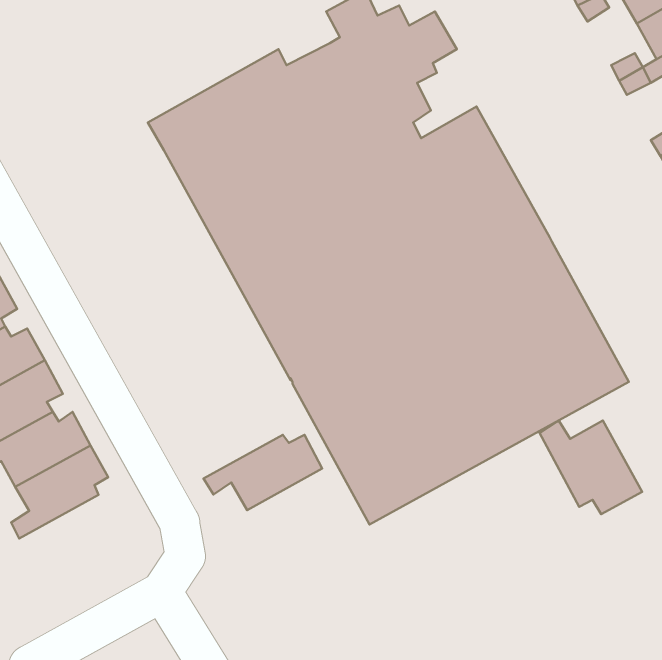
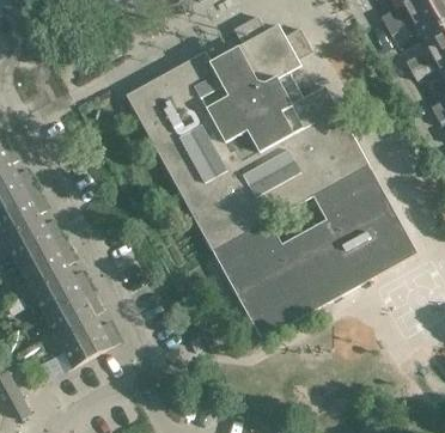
building: [540,421,642,514] -> none
building: [204,435,322,510] -> [49,321,121,366]

